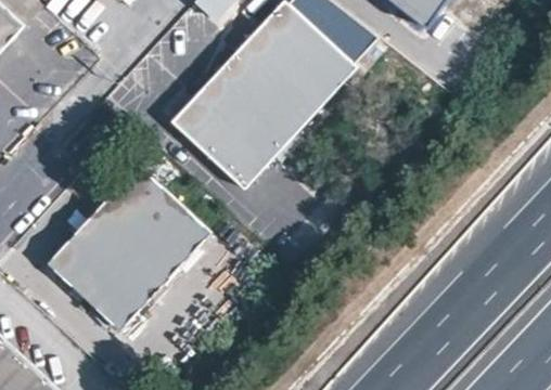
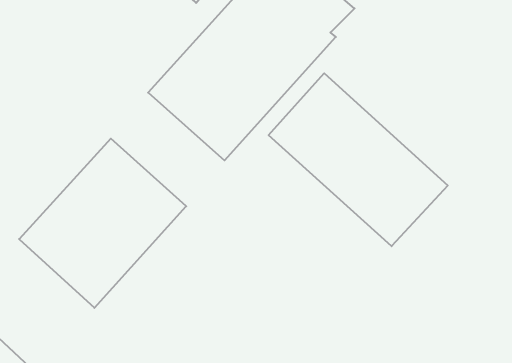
building: none -> [269,73,448,246]

